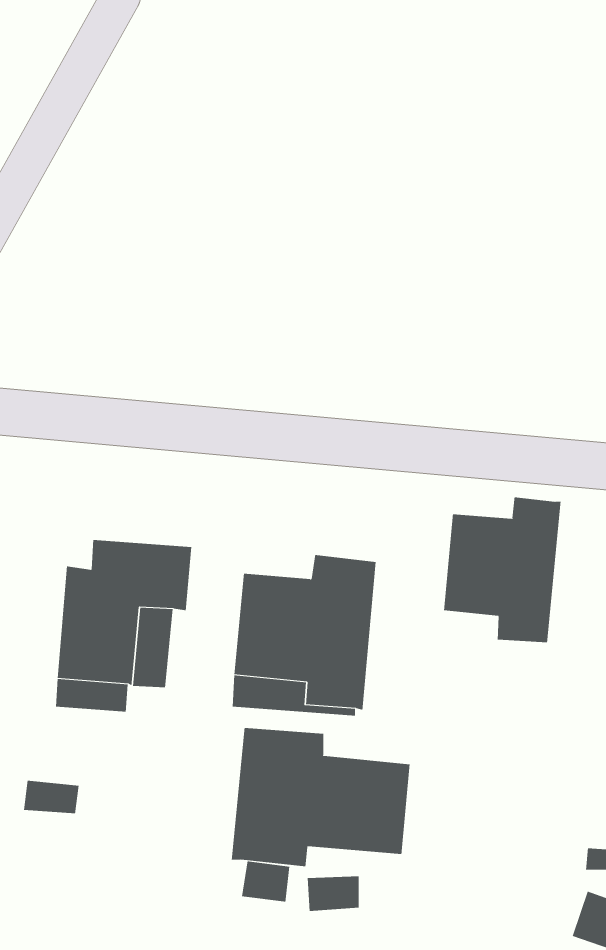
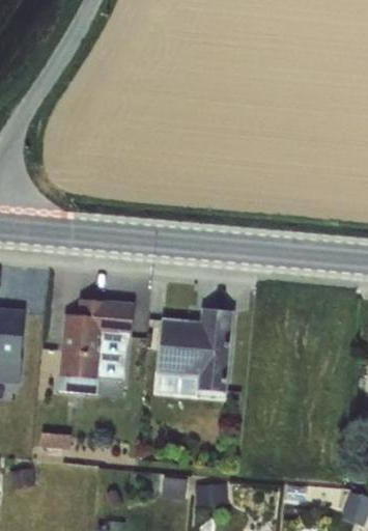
building: [444,497,561,643] -> none
building: [231,727,410,867] -> none

